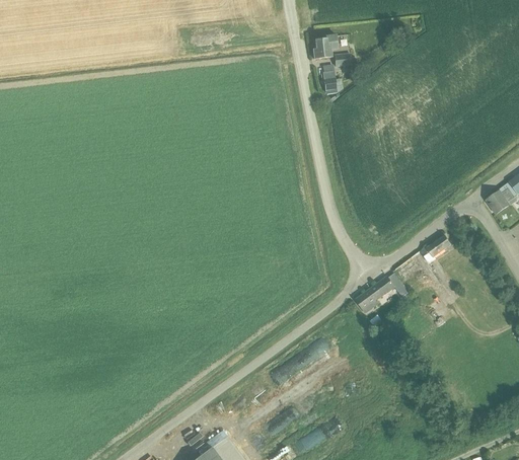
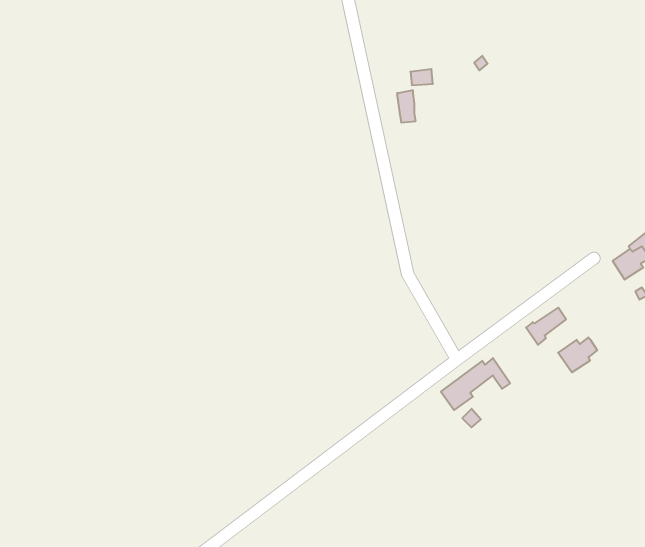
building: [313,35,338,58] -> none
building: none -> [558,337,597,372]

